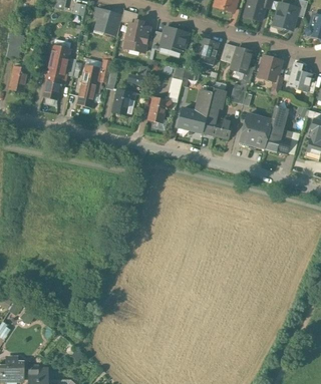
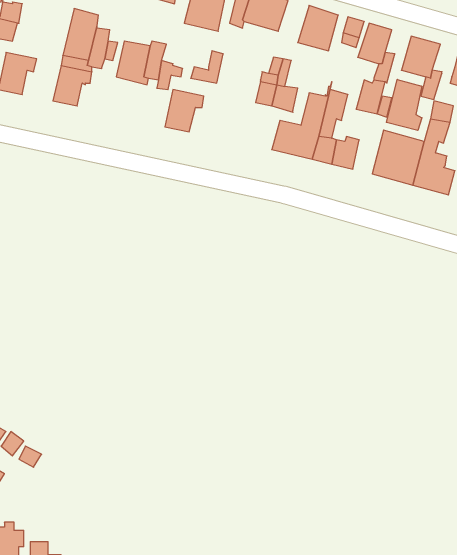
building: [76,81,100,108] -> none
building: none -> [386,79,422,130]
building: [147,97,172,123] -> none

